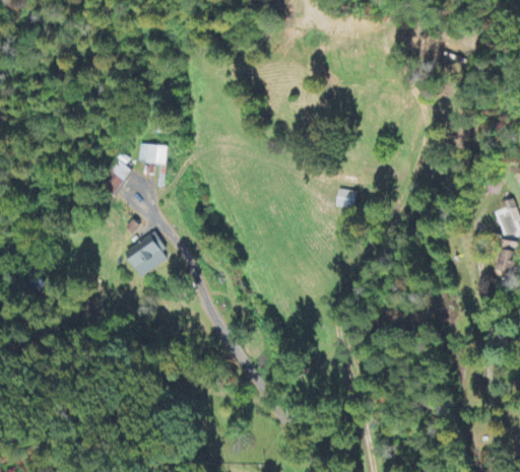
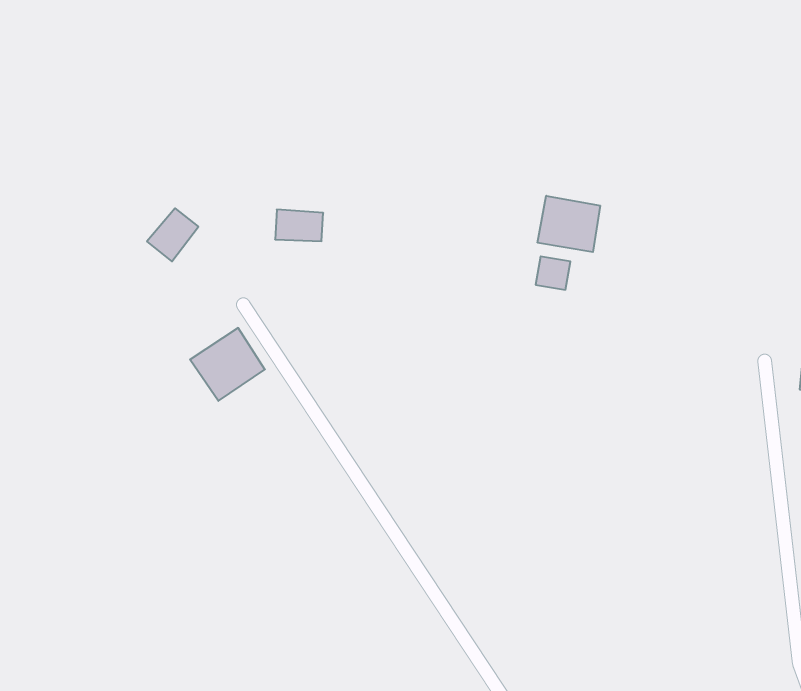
building: [137,144,167,163] -> [275,210,323,241]
building: none -> [538,196,600,252]

